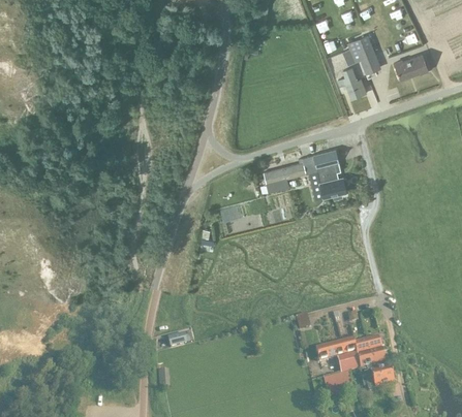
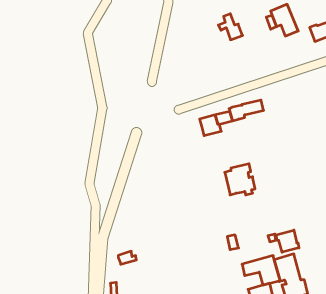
building: [339,67,368,98] -> [218,14,243,40]
building: [311,162,347,199] -> [225,164,255,195]
building: none -> [276,230,299,252]

